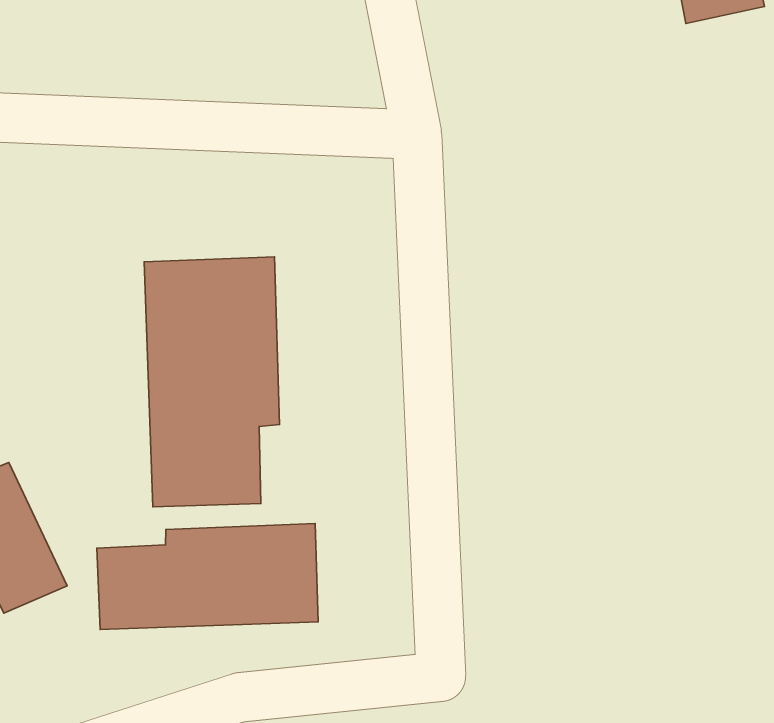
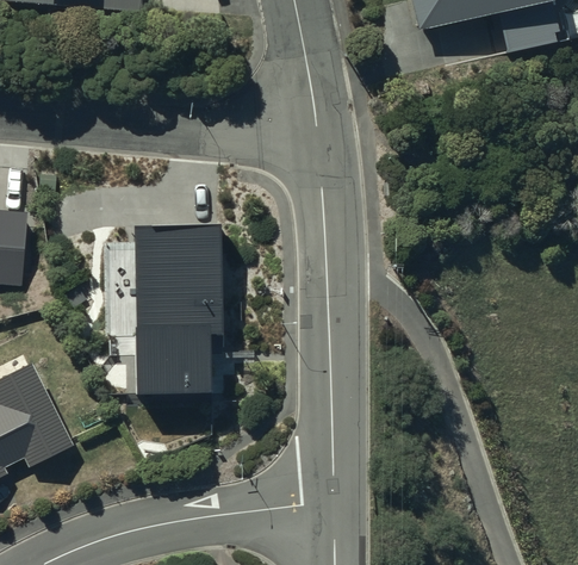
building: [97,524,318,630] -> none

